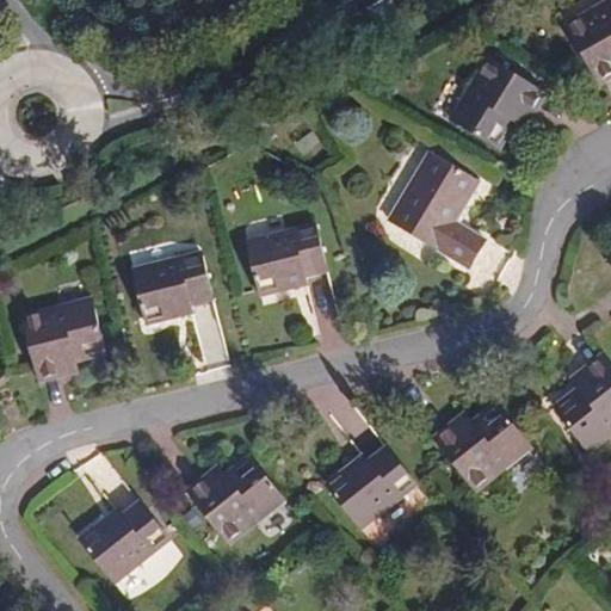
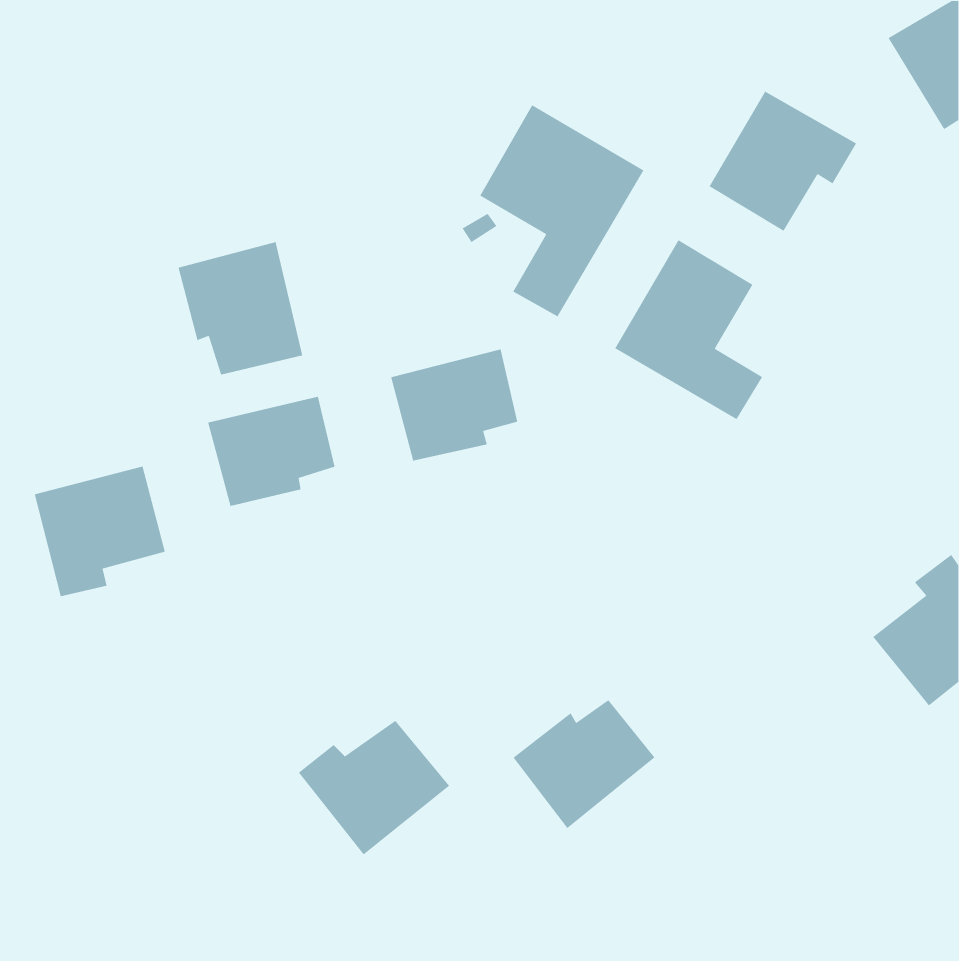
building: none -> [479,104,644,317]
building: none -> [177,241,303,375]
building: [434,401,531,489] -> none
building: [81,502,171,584] -> none

